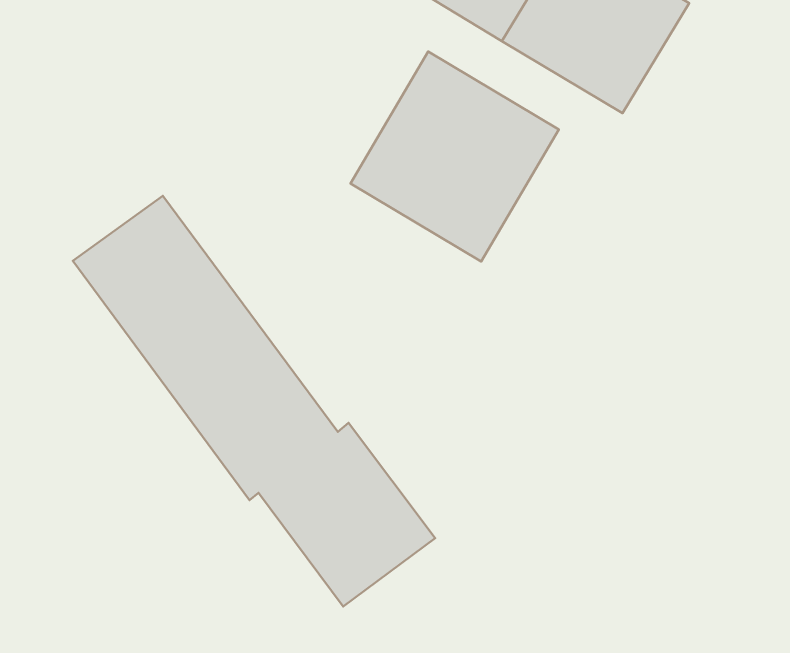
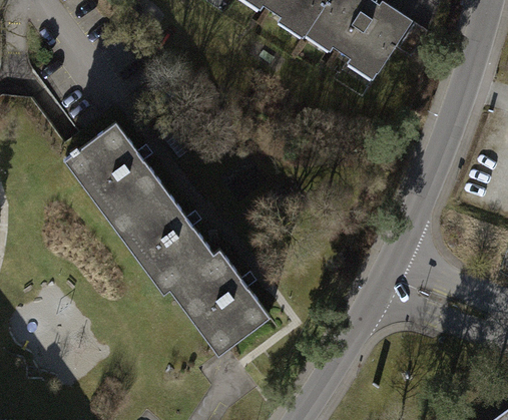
building: [350,52,559,262] -> none

